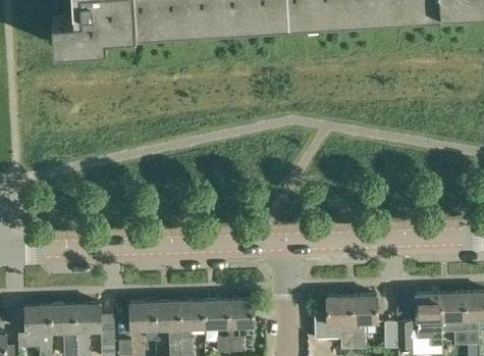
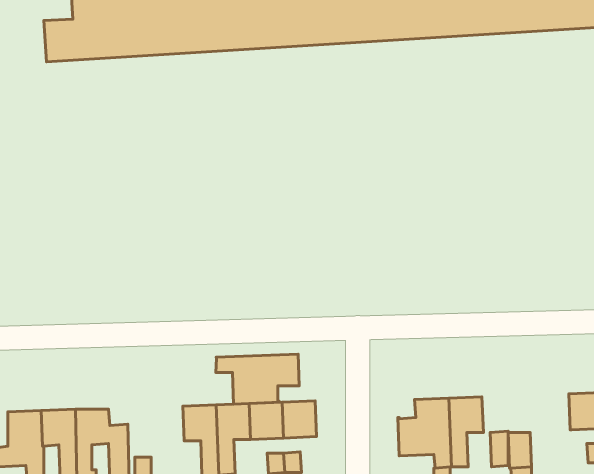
building: none -> [216,354,299,404]
building: [416,294,442,346] -> none
building: [130,303,157,340] -> none

